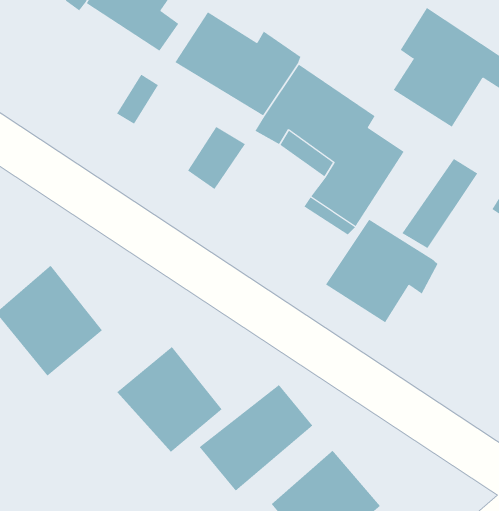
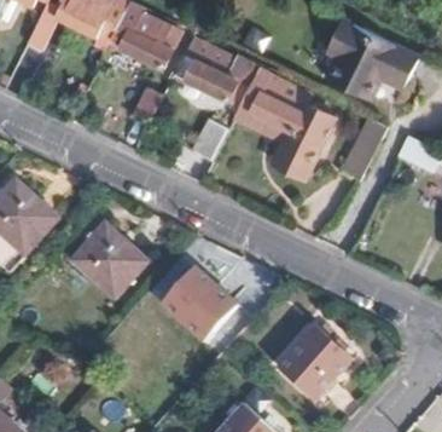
building: [325,219,438,323] -> none
building: [199,384,313,492] -> none

